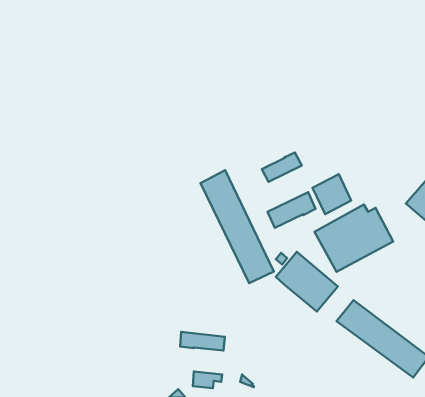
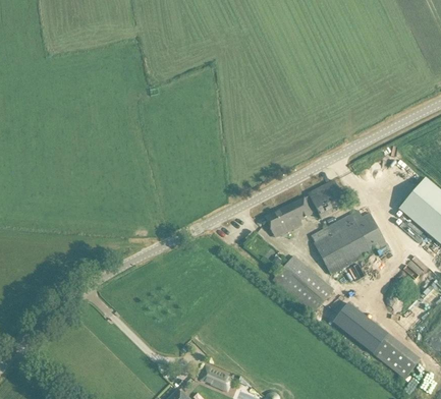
building: [262,152,302,182] -> none
building: [201,170,274,283] -> none
building: [180,332,225,351] -> none

